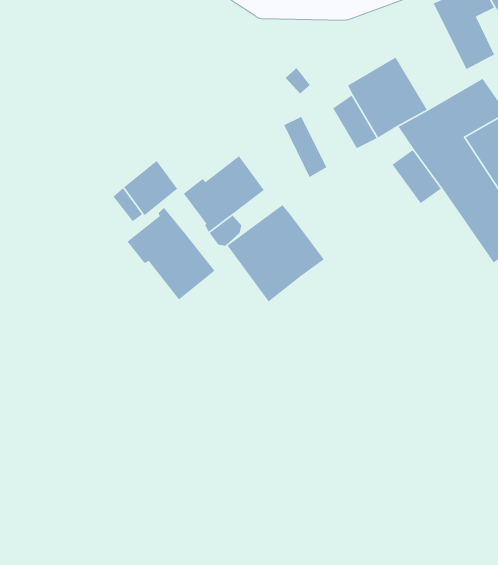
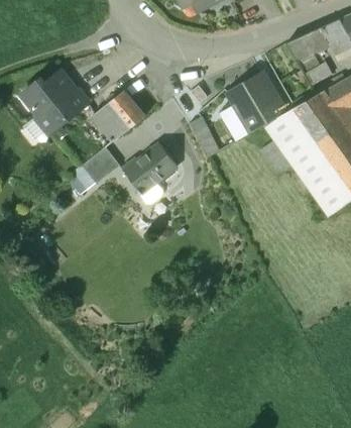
building: none -> [25,74,90,131]
building: none -> [92,90,145,140]
building: [227,204,325,302] -> none
building: [127,207,215,301] -> none

